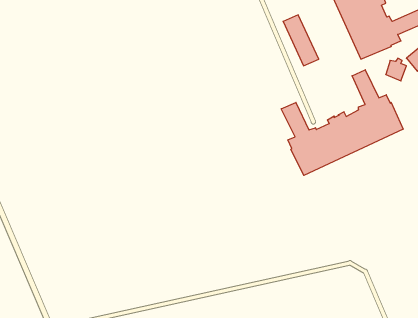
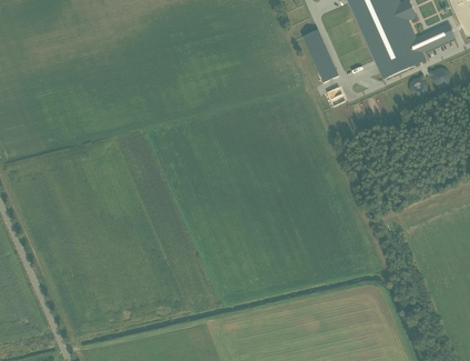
building: [281,70,403,175] -> none

